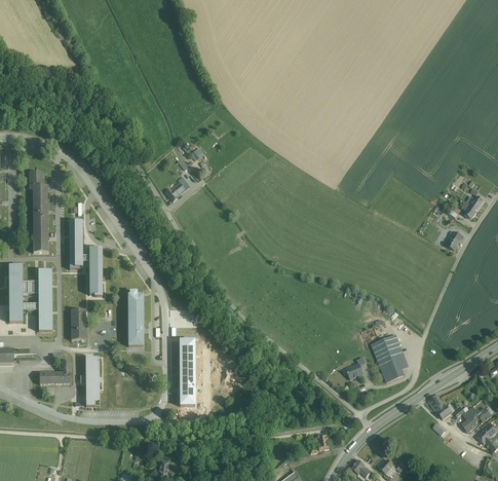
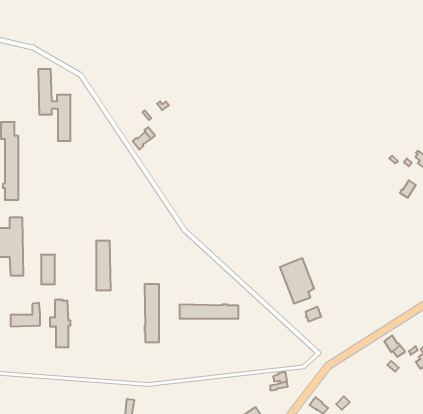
building: [69,221,103,296] -> [38,69,71,141]
building: [372,334,408,381] -> [280,258,314,303]
building: none -> [180,304,238,319]

